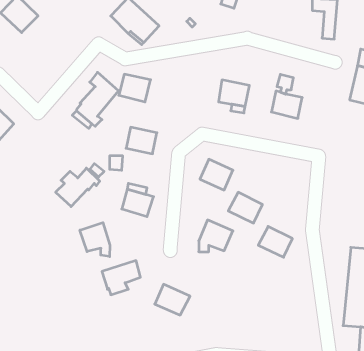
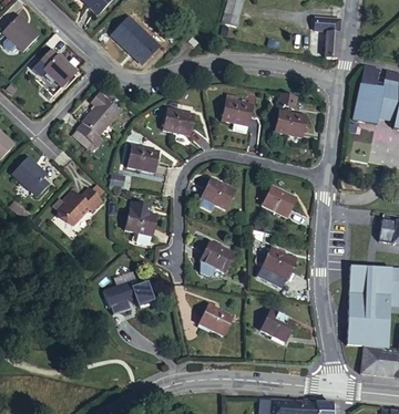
building: none -> [43,53,75,85]
building: [119,74,151,102] -> [163,110,195,137]
building: none -> [11,155,49,197]
building: [228,192,262,223] -> [260,185,295,216]
building: [80,223,110,257] -> none
building: [155,284,190,315] -> [198,302,234,333]
building: none -> [260,309,295,340]

